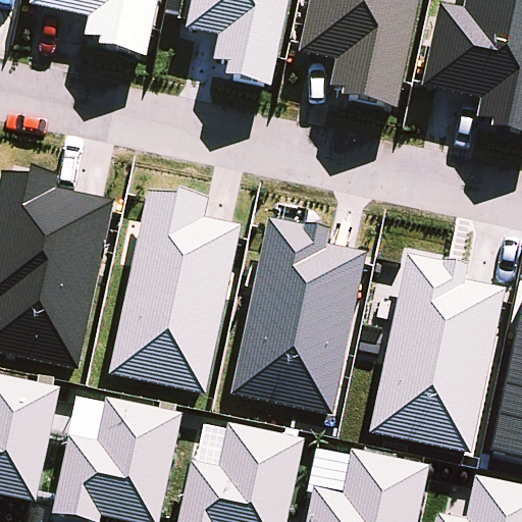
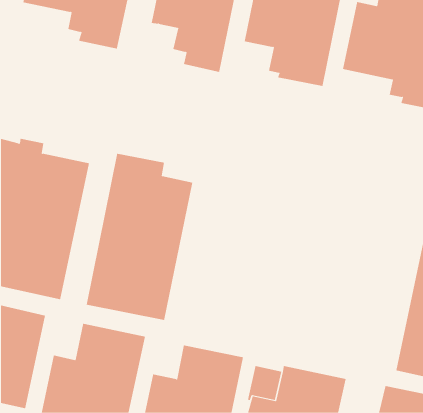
building: [230,215,366,412] -> none
building: [368,252,505,451] -> none

